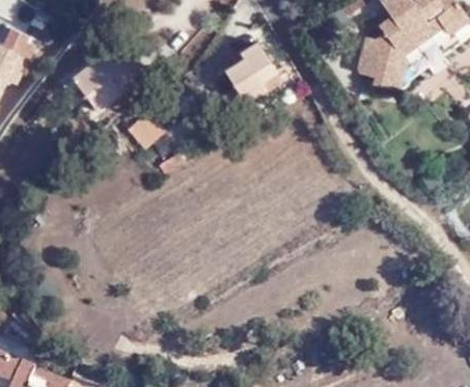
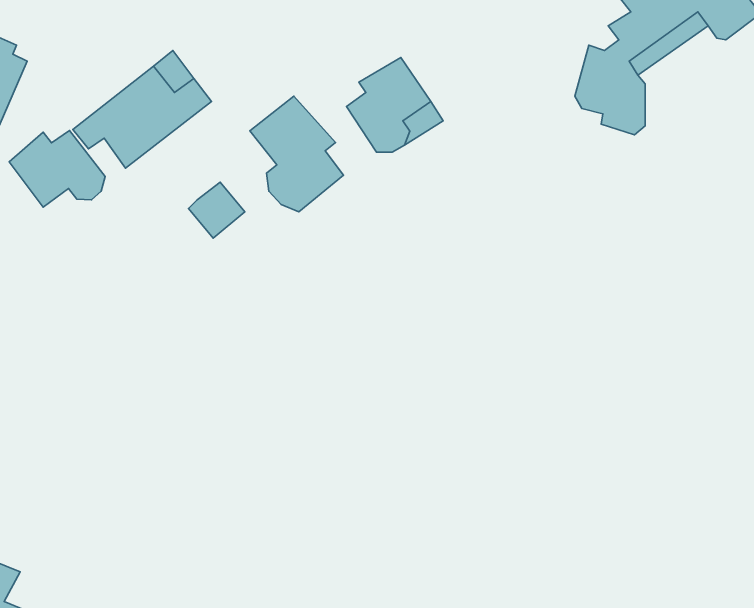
building: none -> [250,96,343,212]
building: none -> [9,130,105,207]

